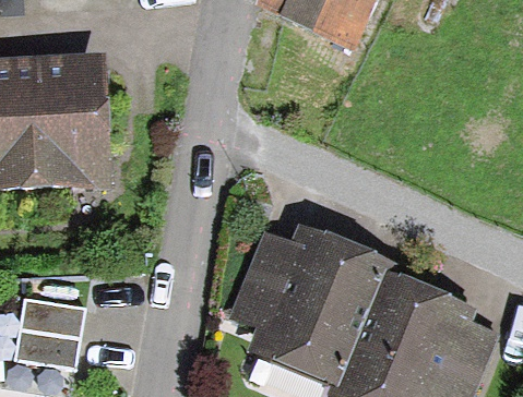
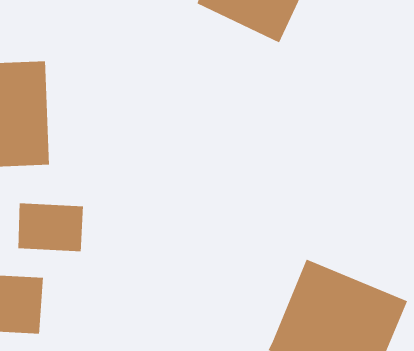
building: none -> [18,202,84,252]
building: [230,229,387,377] -> none

